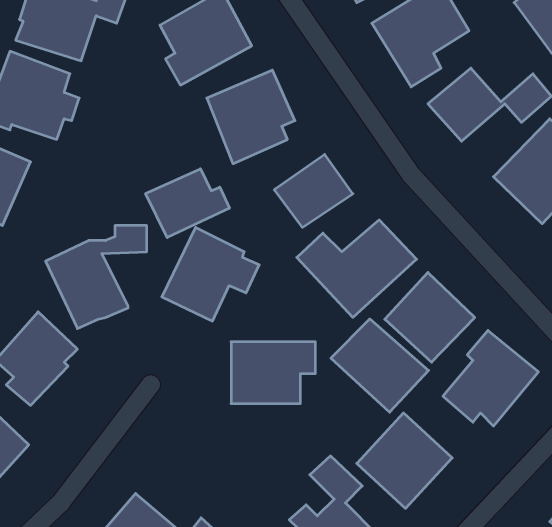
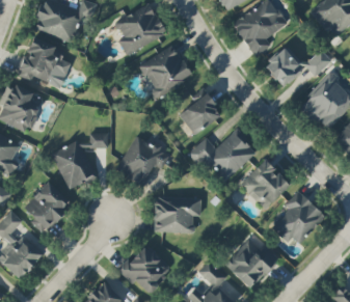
building: [146,169,229,238] -> none
building: [331,319,429,412] -> none
building: none -> [120,244,172,295]

